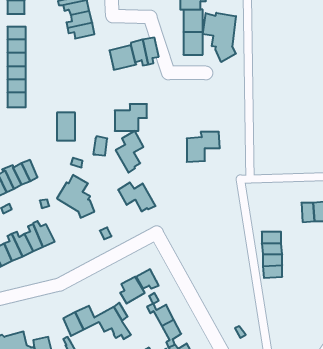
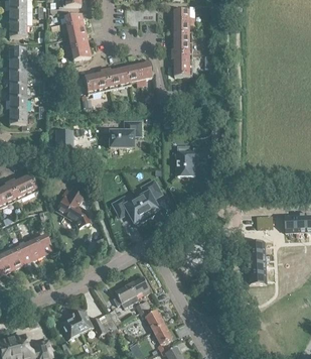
building: [203,13,236,62] -> none
building: none -> [83,71,108,94]
building: [116,131,143,173] -> [135,177,161,217]

